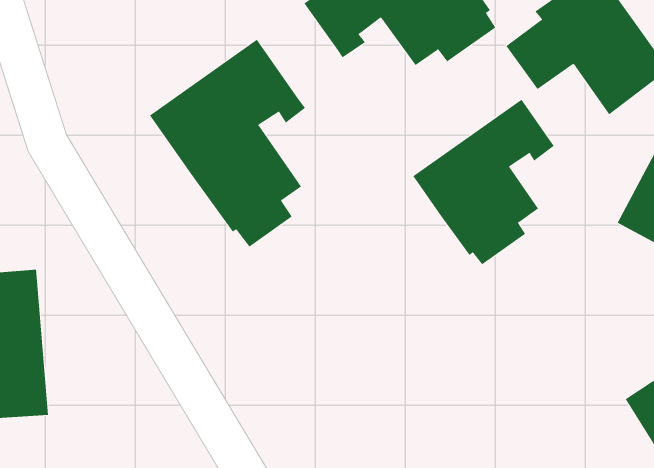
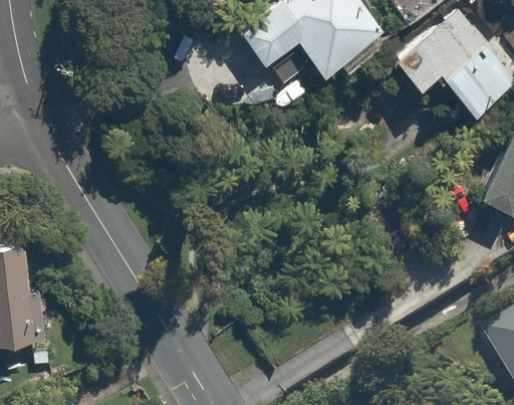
building: [149,39,306,248] -> none
building: [412,99,555,265] -> none

